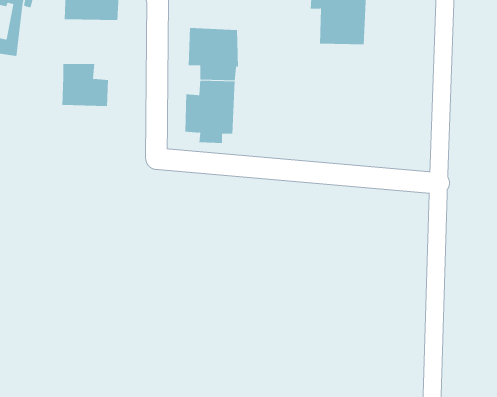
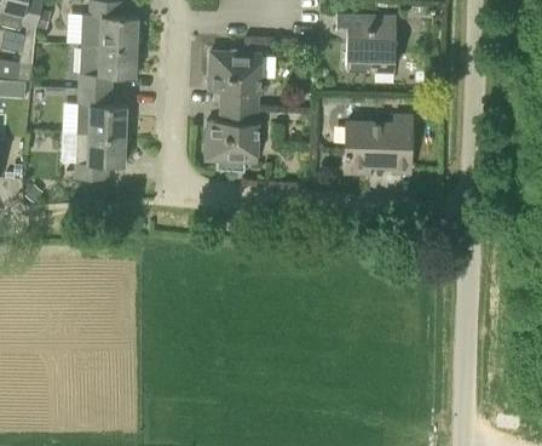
building: none -> [79,42,137,88]
building: none -> [345,116,411,172]
building: none -> [75,132,126,179]

